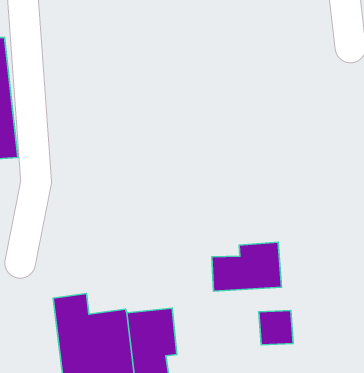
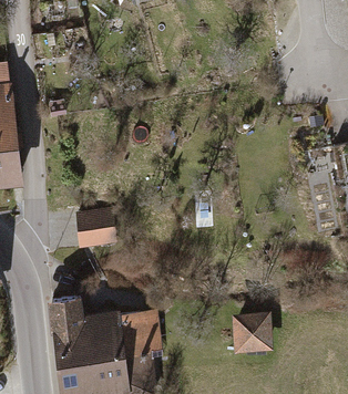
building: none -> [78,207,113,239]
building: [212,242,281,291] -> none

